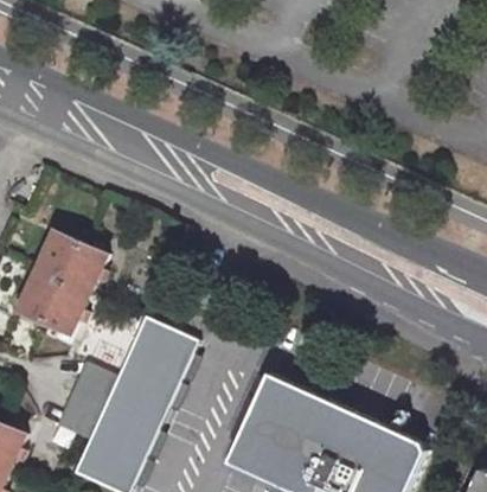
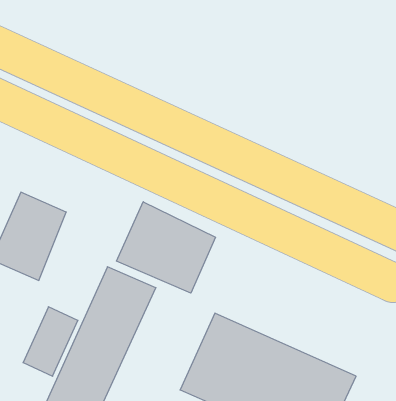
building: none -> [116,202,216,293]

